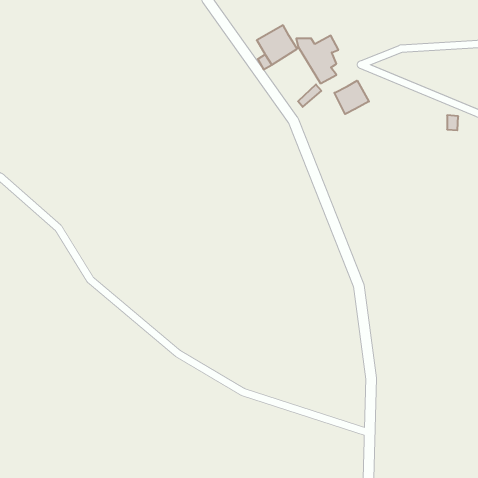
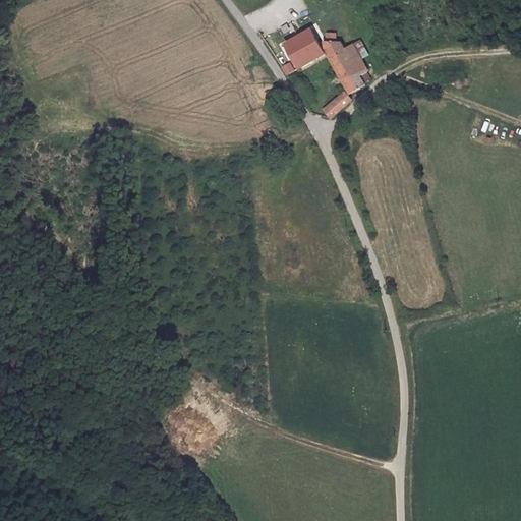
building: [334,81,369,114] -> none

